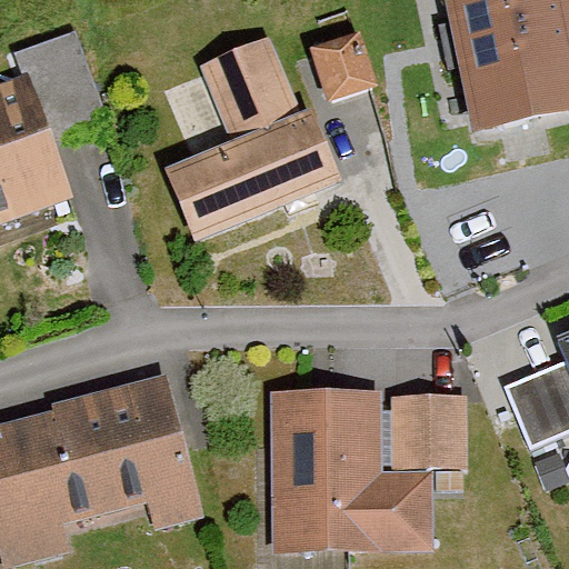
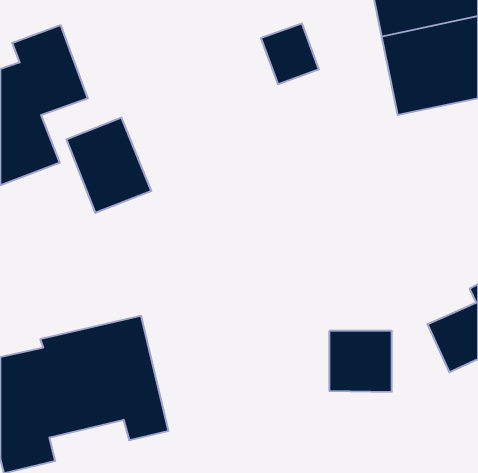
building: [169,38,337,236] -> none
building: none -> [67,118,151,213]
building: [271,391,430,548] -> none

